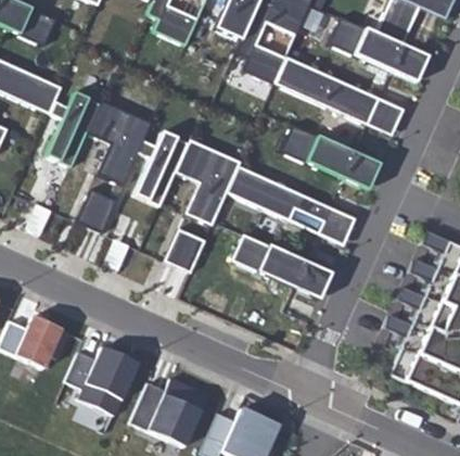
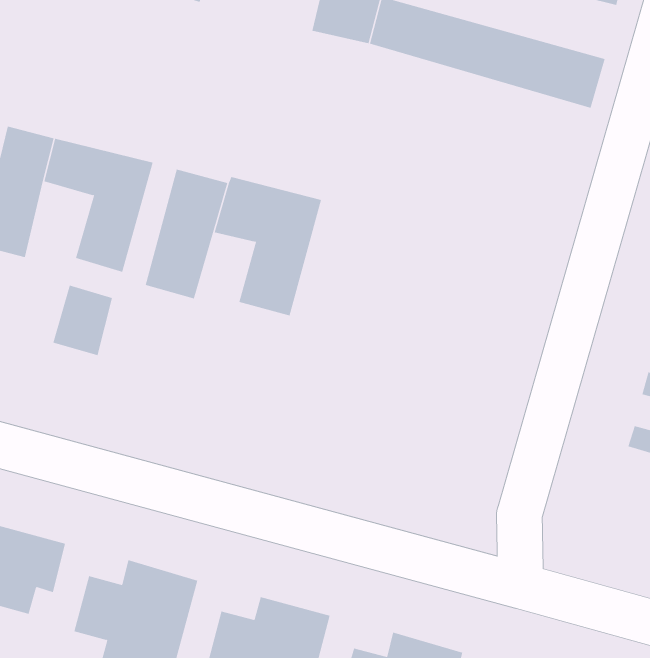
building: [285,125,382,191] -> none
building: [231,172,356,243] -> none
building: [166,229,205,273] -> none
building: [232,232,332,297] -> none

